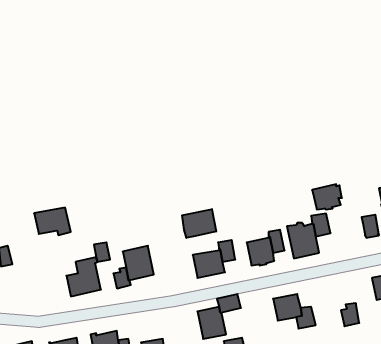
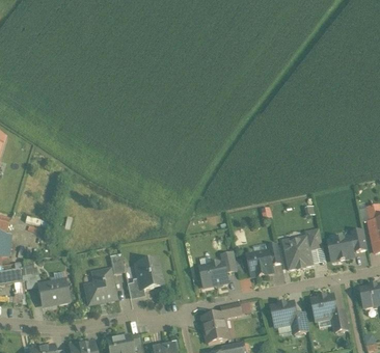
building: [312,184,342,209] -> [327,237,354,260]
building: [34,208,71,235] -> [36,279,70,304]
building: [182,209,216,238] -> none
building: none -> [311,295,337,320]

